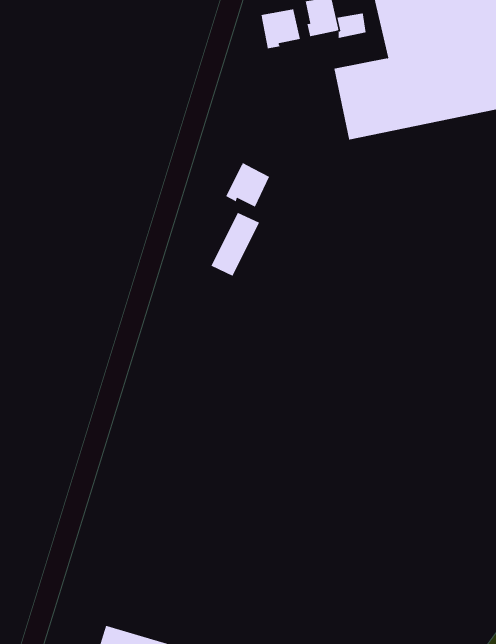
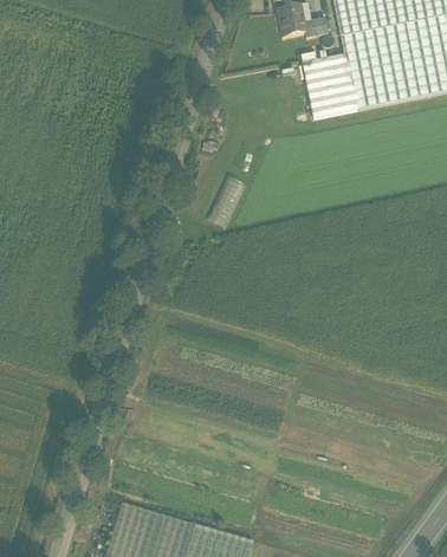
building: [261,9,301,49] -> none
building: [225,162,270,208] -> none

